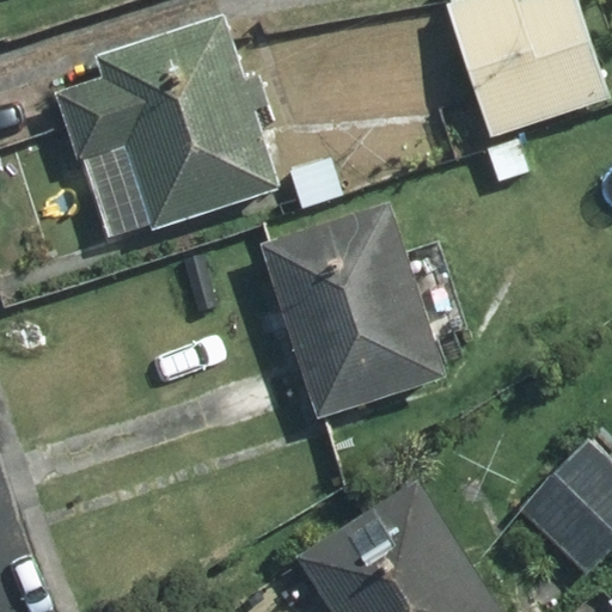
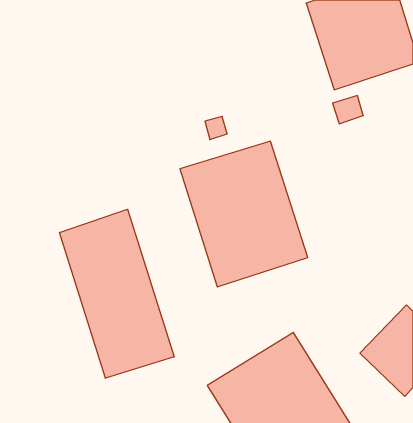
building: [59,14,281,224] -> none
building: none -> [60,209,174,378]

